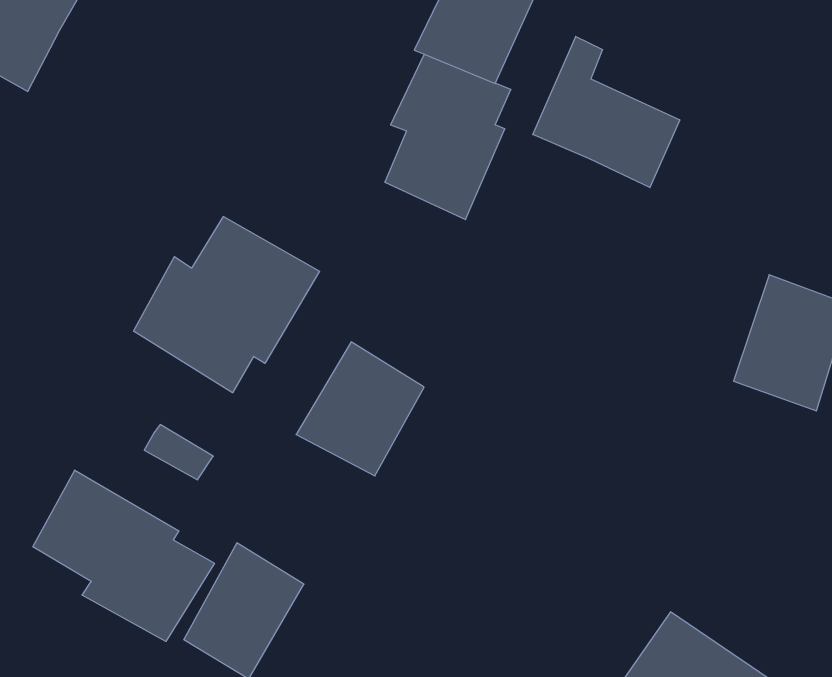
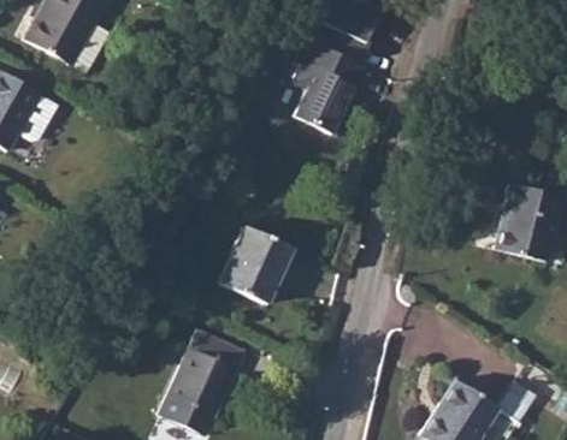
building: [533,36,680,188] -> none
building: [134,217,320,393] -> none
building: [33,470,214,641] -> none

